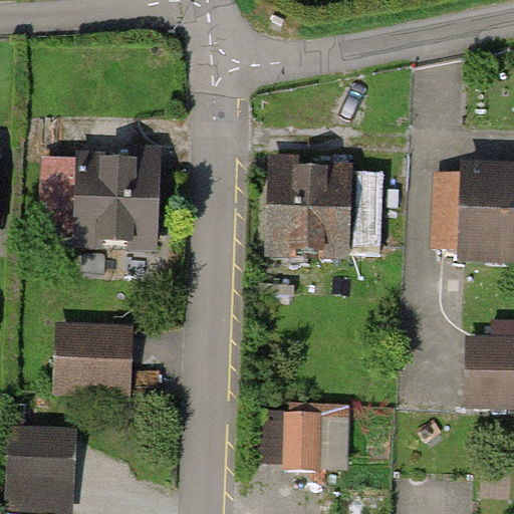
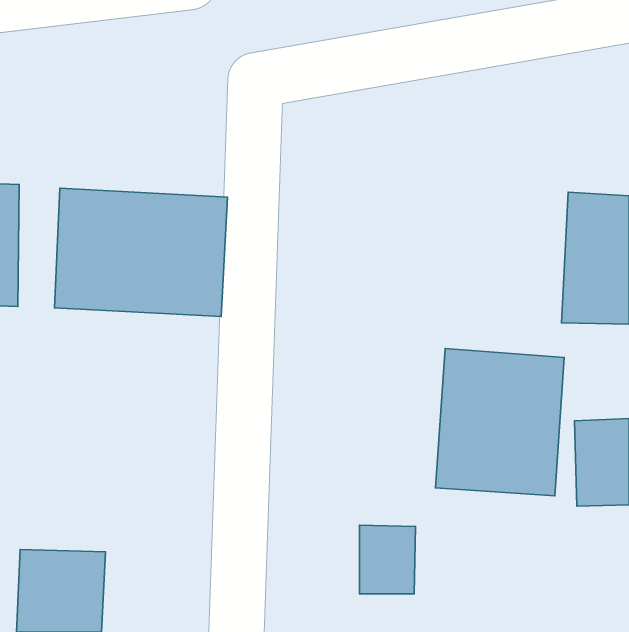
building: [250,163,359,255] -> none
building: none -> [436,349,564,496]
building: [60,326,138,400] -> none

